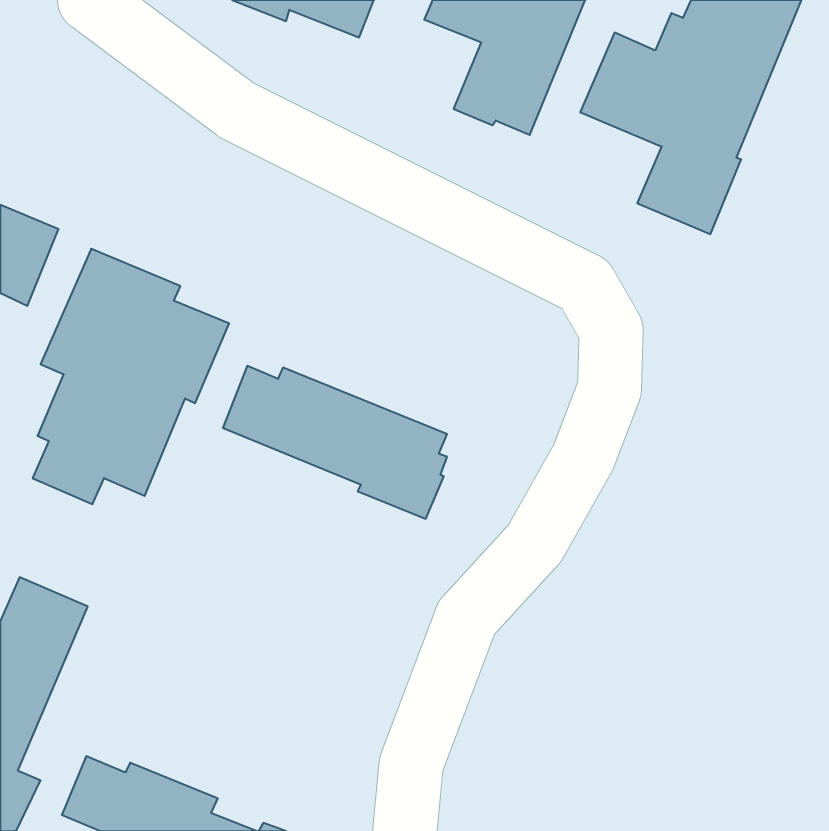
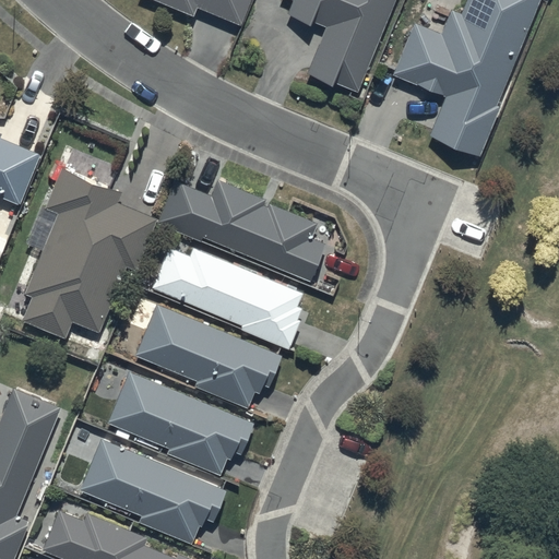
building: none -> [158,179,322,282]
building: none -> [136,305,282,405]
building: none -> [108,371,253,475]
building: none -> [81,438,225,542]

